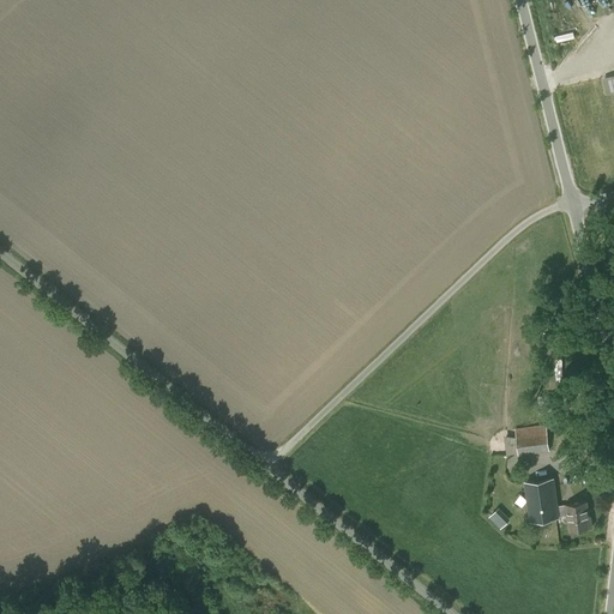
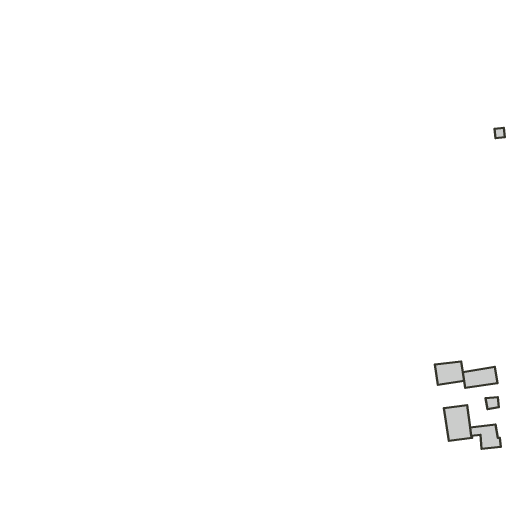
building: none -> [463,367,497,388]

